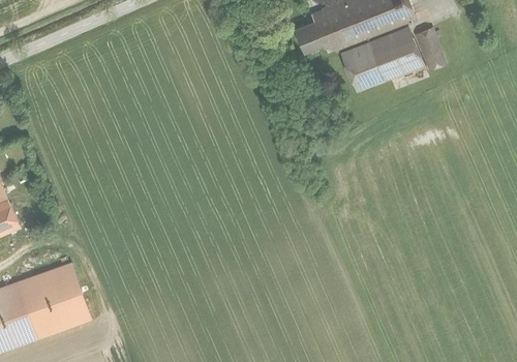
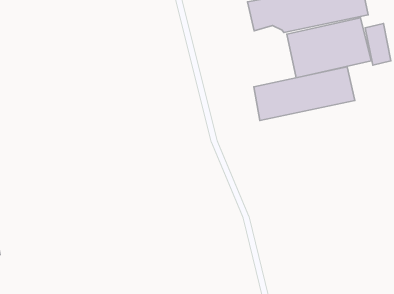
building: none -> [254,67,355,120]

